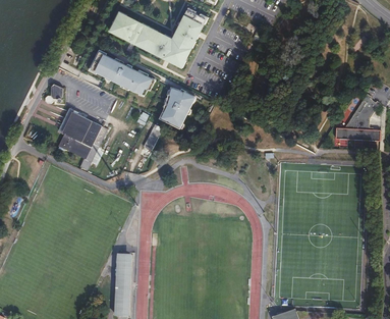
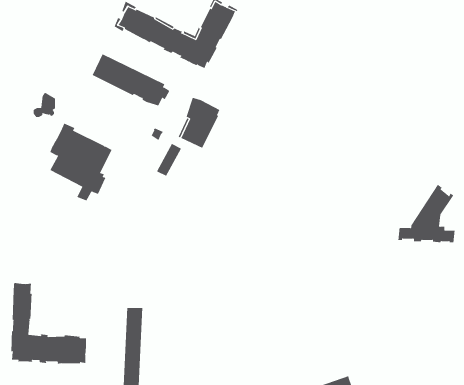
building: [334,93,380,140] -> [398,184,455,243]
building: none -> [11,282,87,364]

